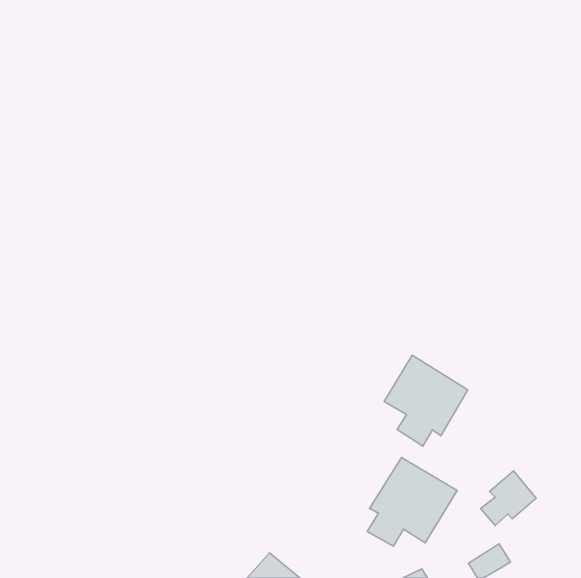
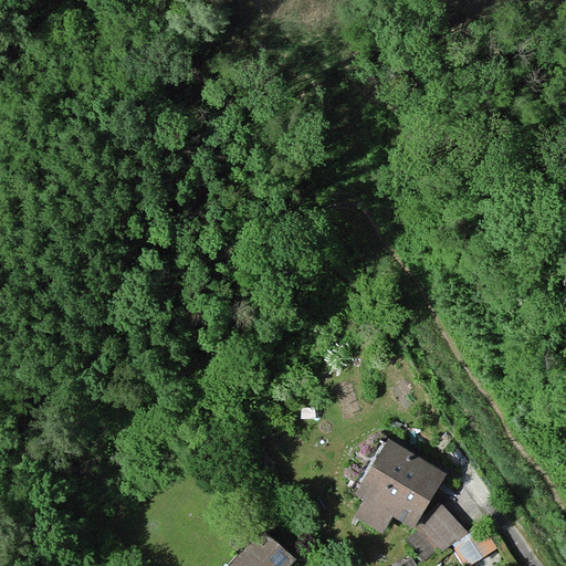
building: [384,355,468,446] -> none
building: [480,471,536,526] -> [409,504,463,557]

